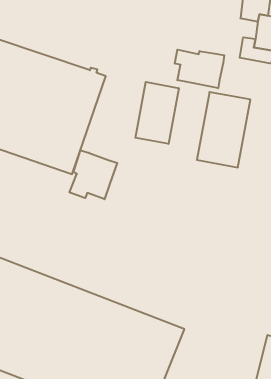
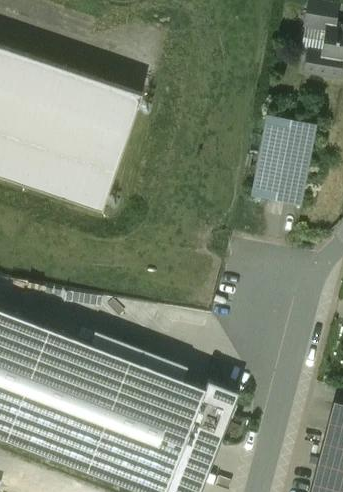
building: [175,50,224,88] -> none
building: [135,82,179,144] -> none
building: [70,150,117,199] -> none

